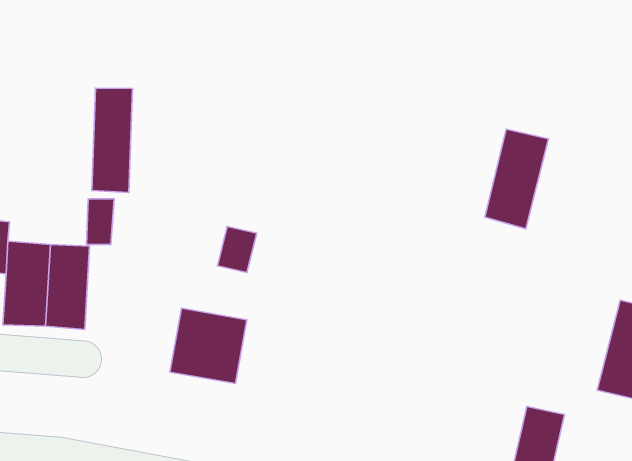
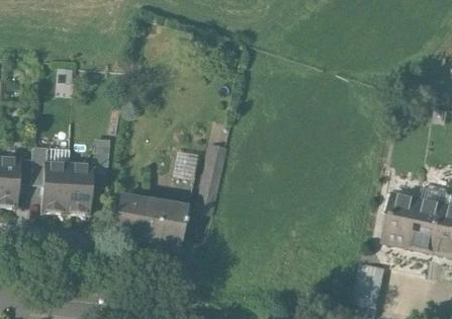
building: [92,88,133,193] -> none
building: [485,129,549,229] -> [380,188,420,250]
building: none -> [194,141,227,209]
building: none -> [113,194,149,239]

